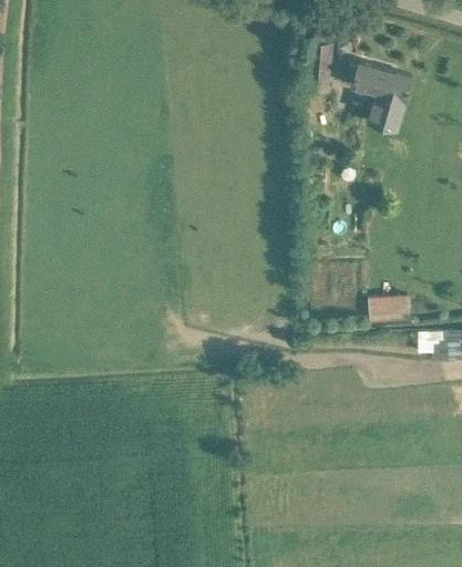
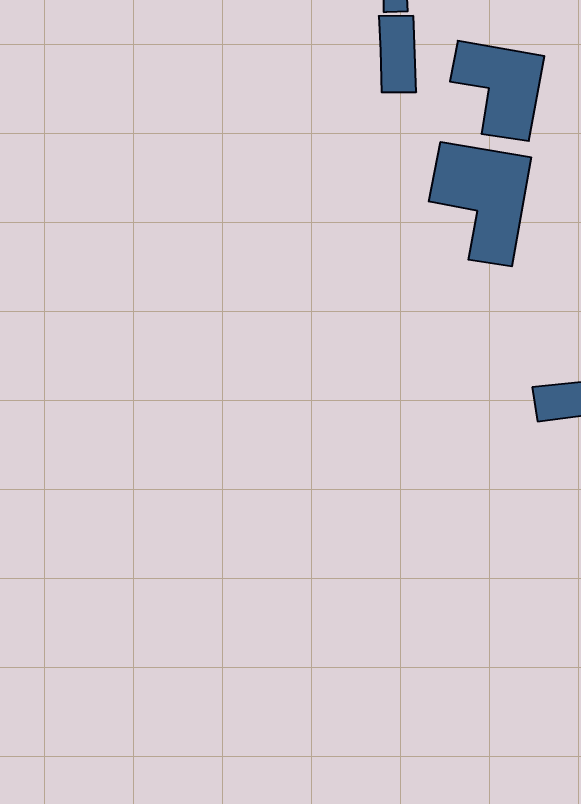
building: none -> [429,142,531,266]

